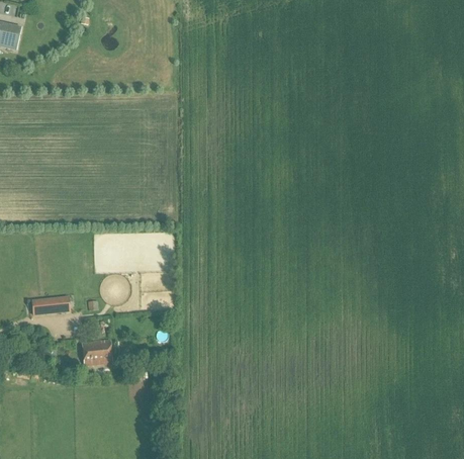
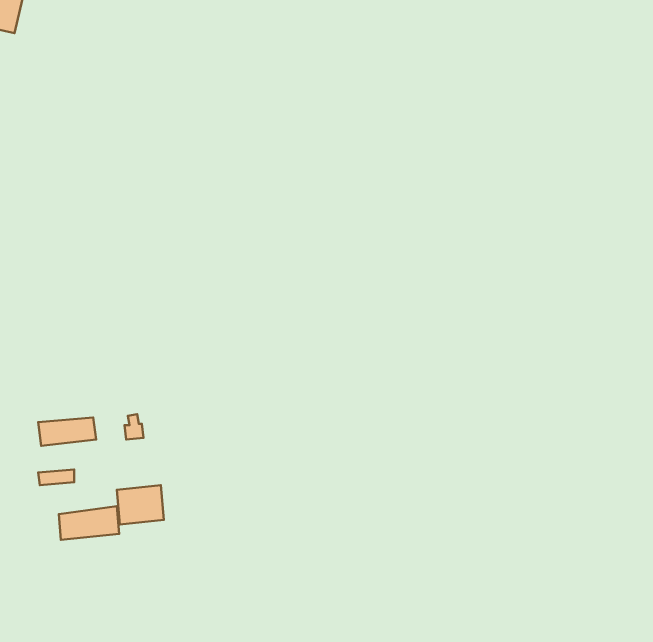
building: none -> [59,506,119,540]

